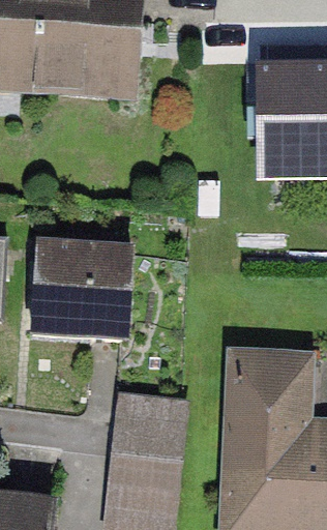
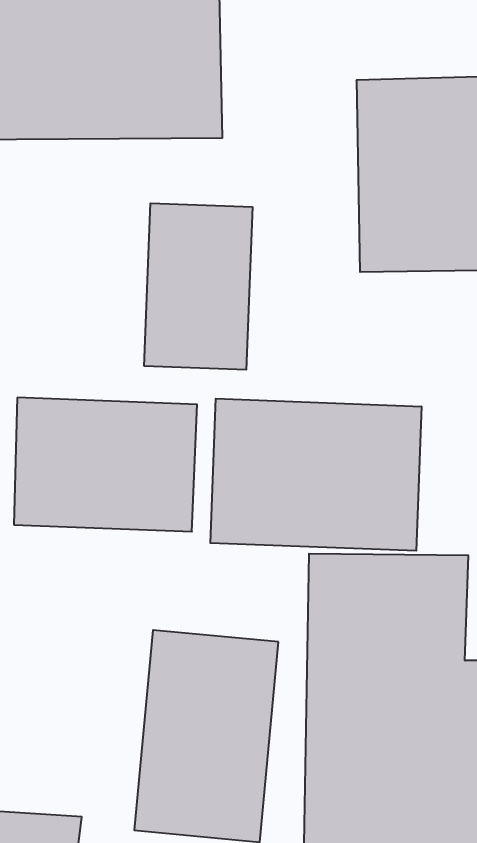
building: none -> [144,203,252,370]
building: none -> [210,399,421,551]

